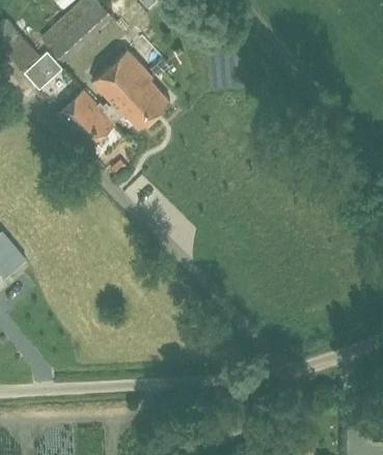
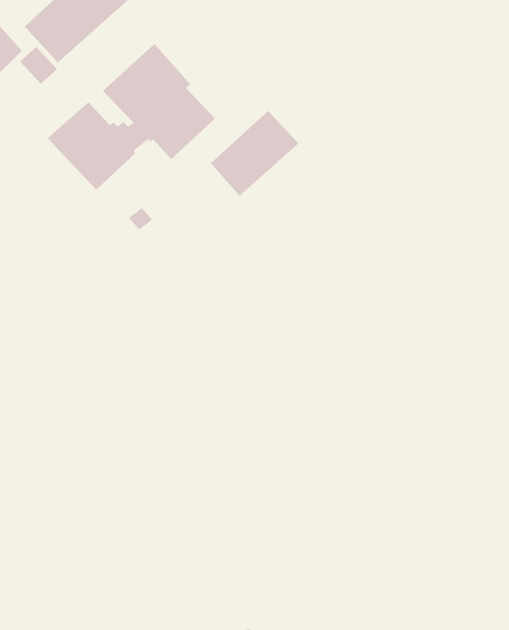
building: none -> [210,110,299,197]

